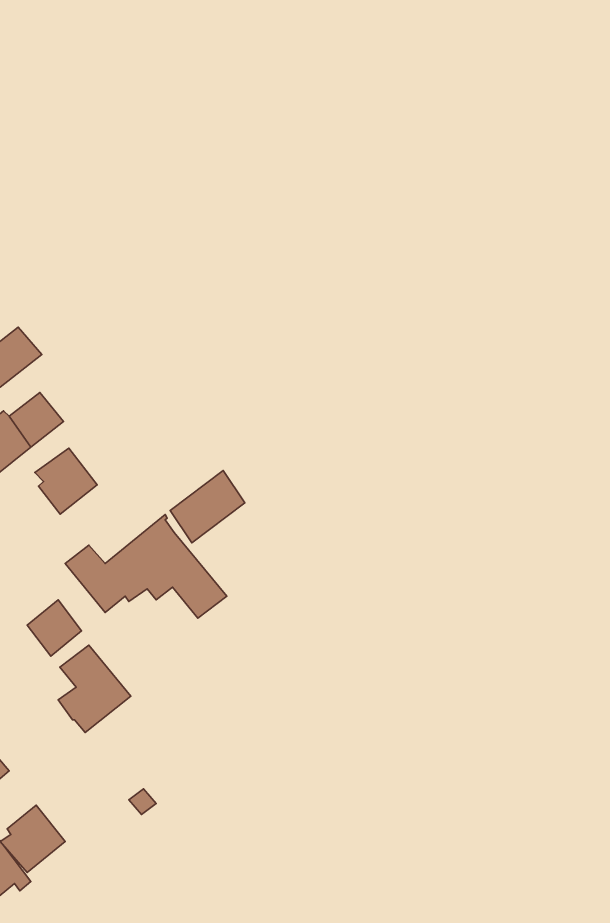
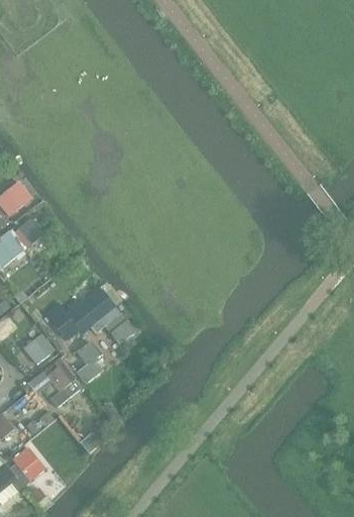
building: [35,448,97,514] -> none
building: [170,471,245,543] -> none
building: none -> [76,341,102,382]

